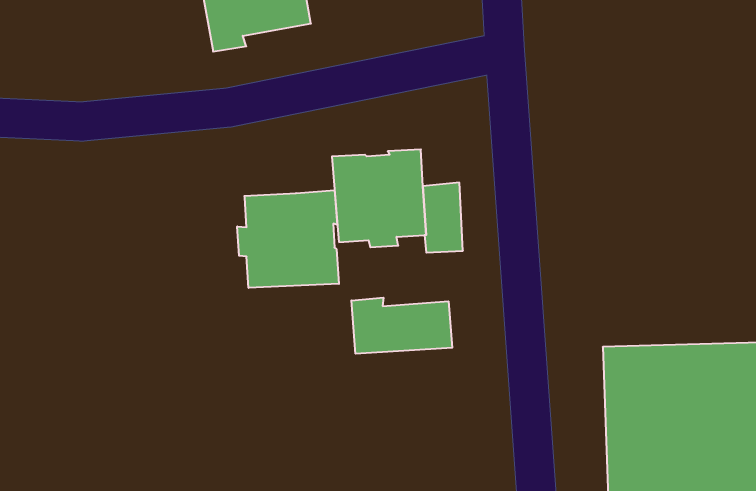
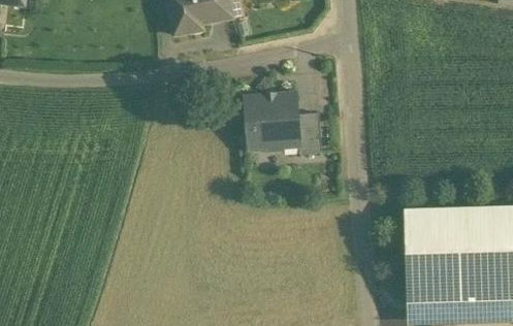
building: [237,190,339,288] -> none
building: [351,298,452,354] -> none

